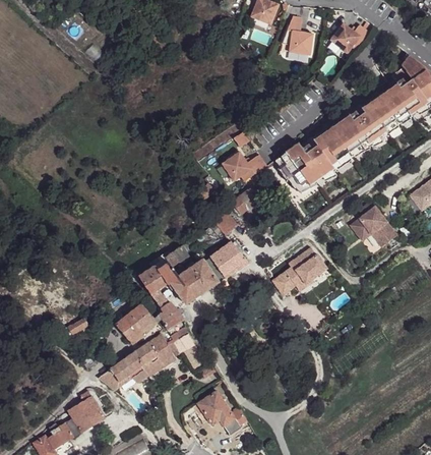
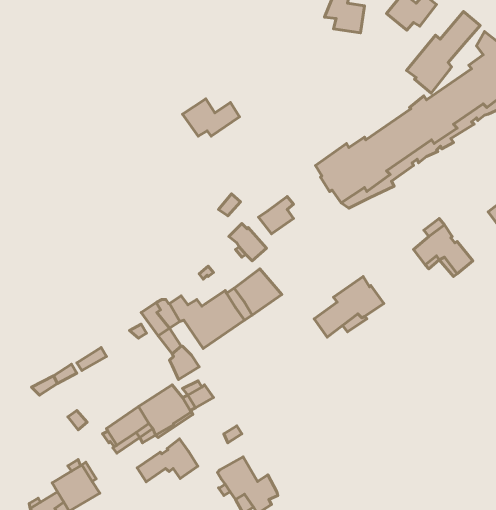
building: none -> [407,11,480,93]
building: [221,151,265,180] -> [183,99,239,136]
building: [115,303,157,343] -> none
building: none -> [137,439,198,482]

